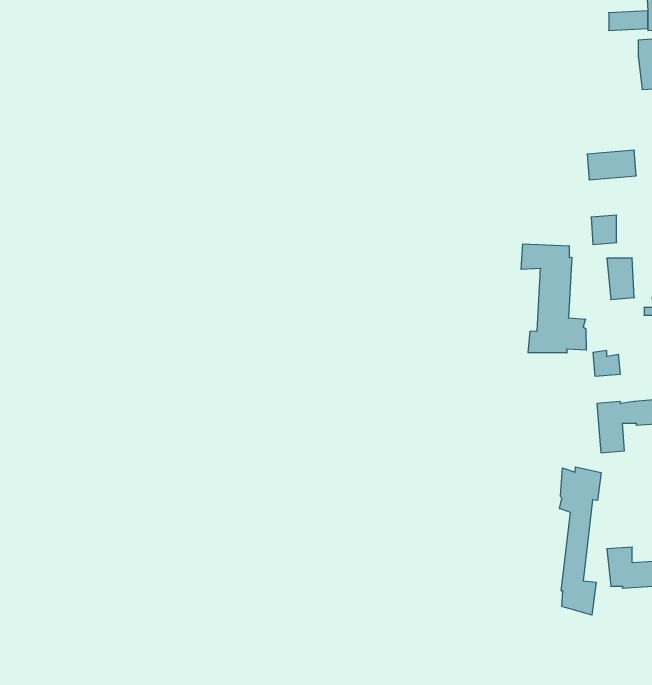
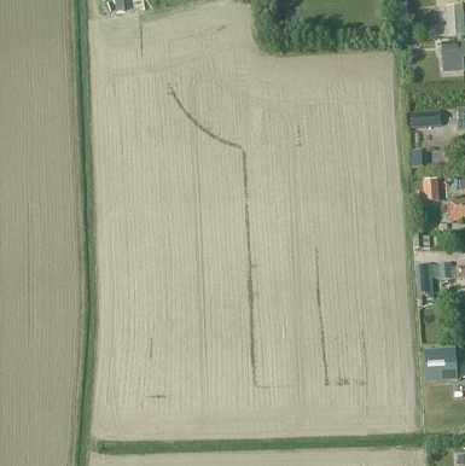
building: [521,244,586,353] -> none
building: [559,467,601,615] -> none

